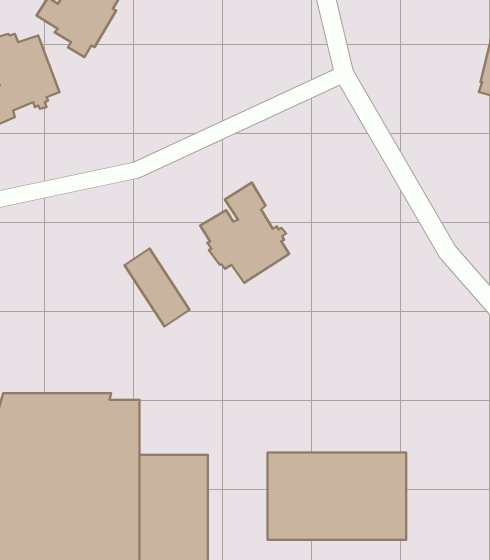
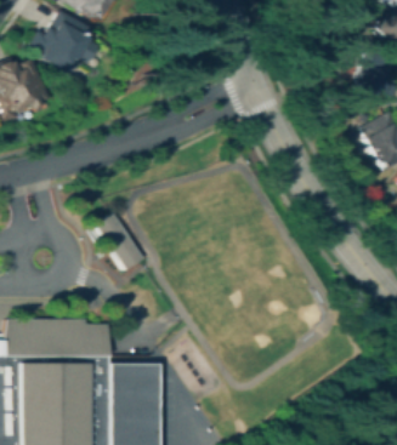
building: [200,183,289,283] -> none
building: [267,453,406,540] -> none

